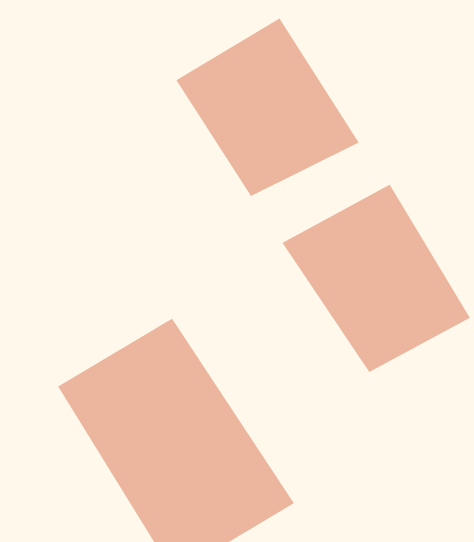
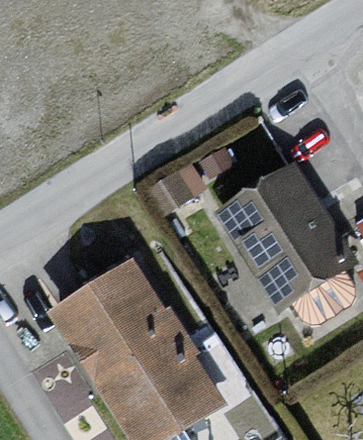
building: [176,17,360,197] -> none

